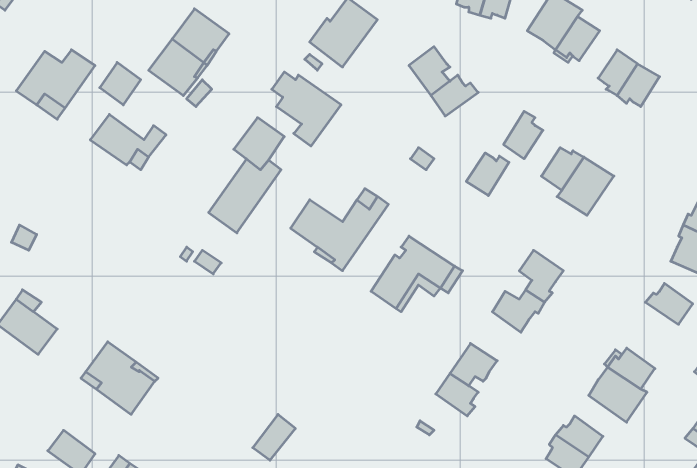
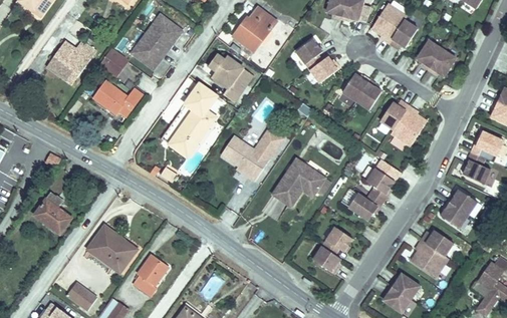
building: [466,153,509,196] -> [342,73,369,100]
building: none -> [441,201,468,228]
building: none -> [134,255,168,295]

